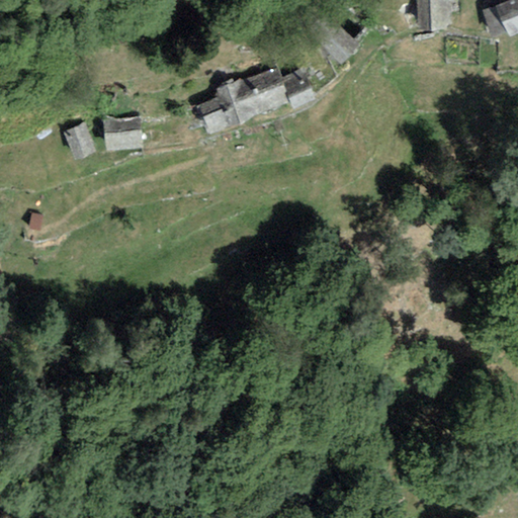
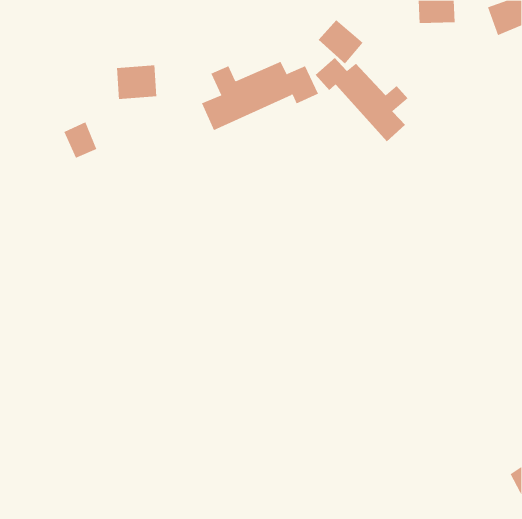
building: none -> [315,57,408,142]
building: [104,116,145,151] -> [116,65,157,99]

